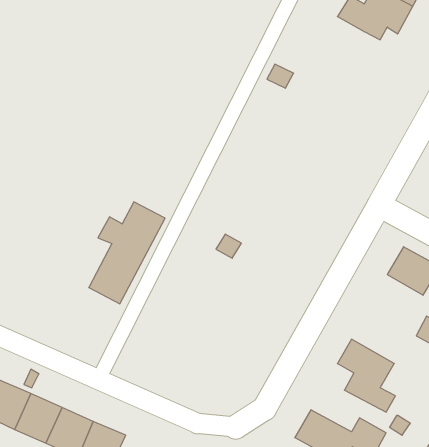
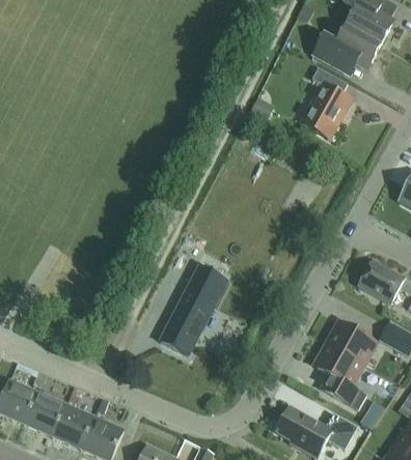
building: none -> [302,67,351,137]
building: [89,202,165,304] -> [160,264,228,355]
building: none -> [326,320,378,365]

